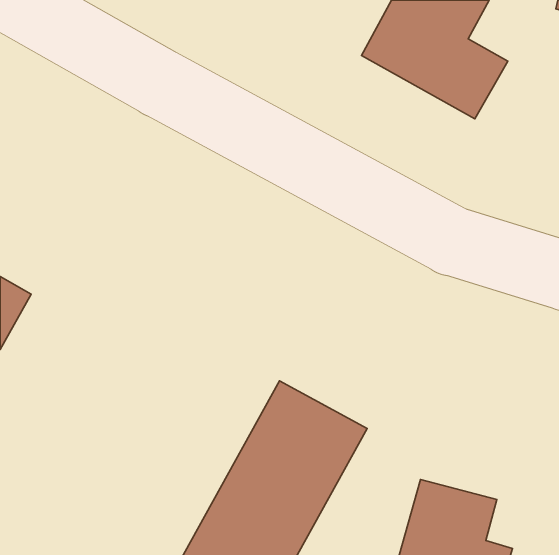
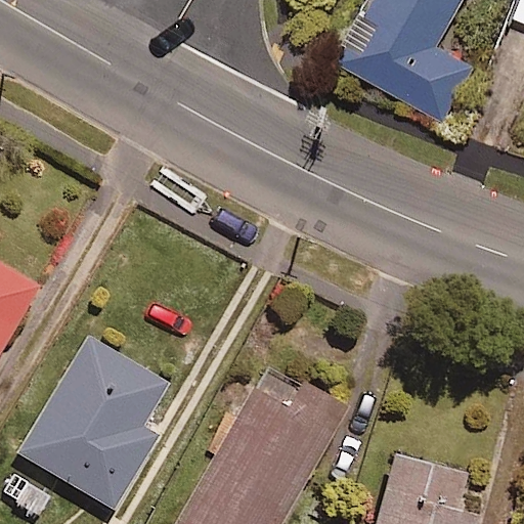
building: none -> [16,336,167,512]

